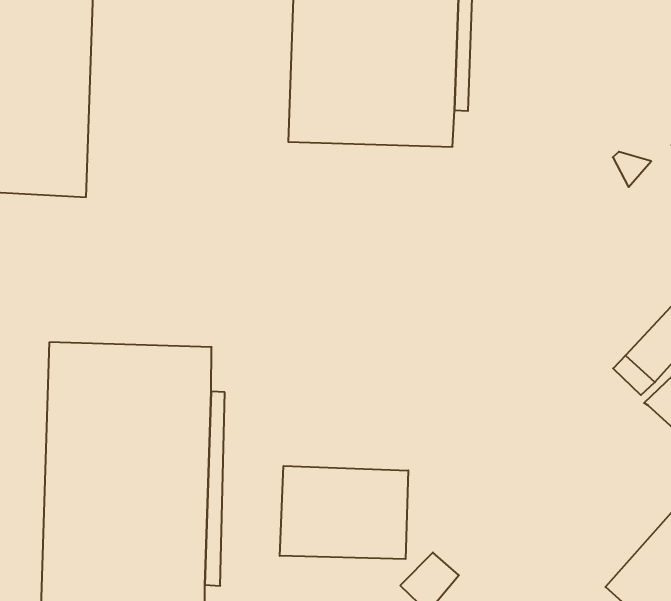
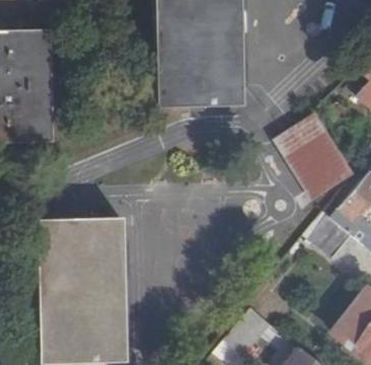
building: none -> [276,115,352,198]
building: none -> [309,215,352,258]
building: [280,466,408,559] -> none

